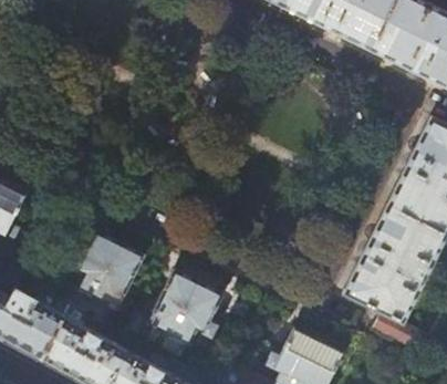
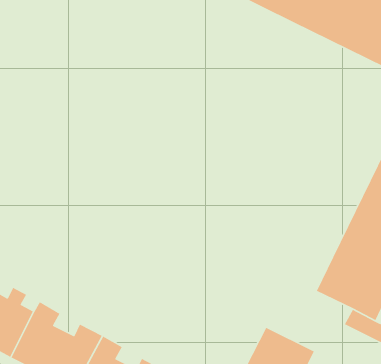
building: [76,232,145,311] -> none
building: [148,271,224,347] -> none

